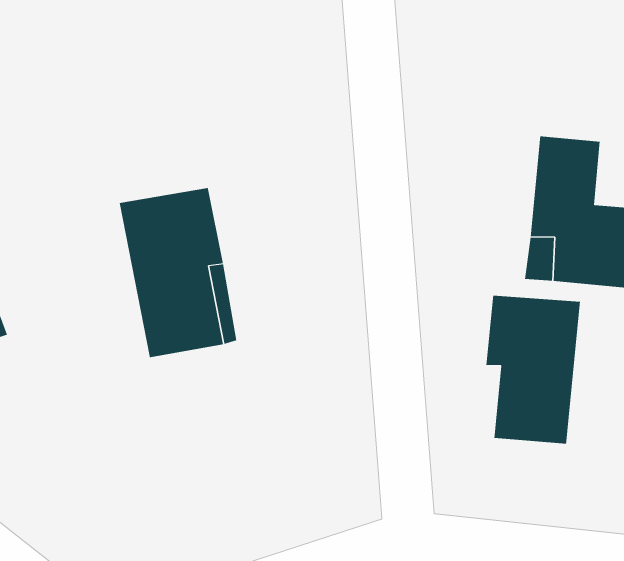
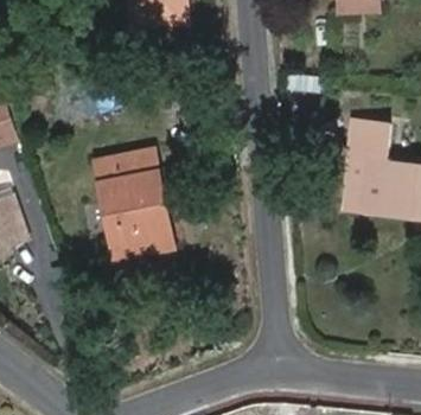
building: [486,295,581,444] -> none

